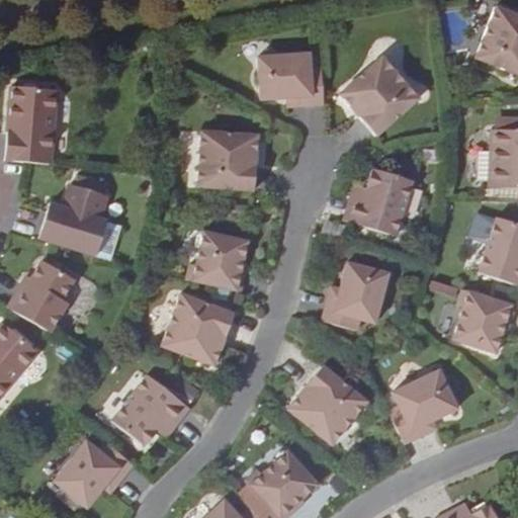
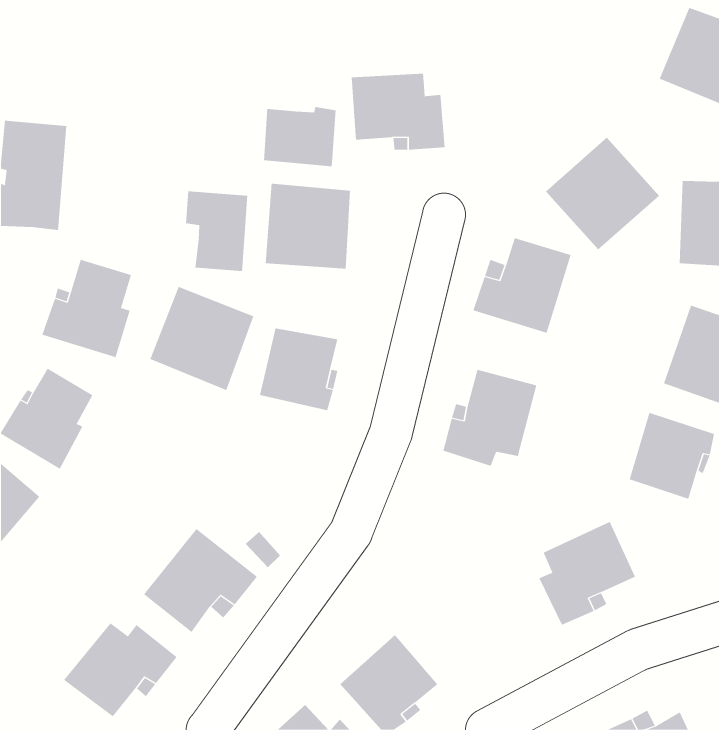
building: [339,56,420,136] -> [545,137,660,250]
building: none -> [264,106,336,167]
building: none -> [185,191,248,272]
building: [160,292,234,366] -> [150,286,254,391]
building: [286,366,368,445] -> none

